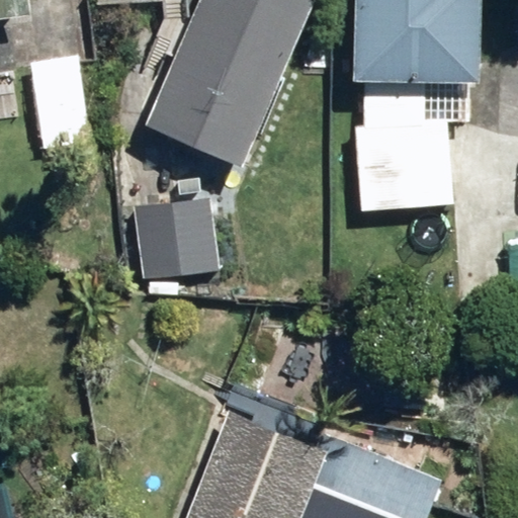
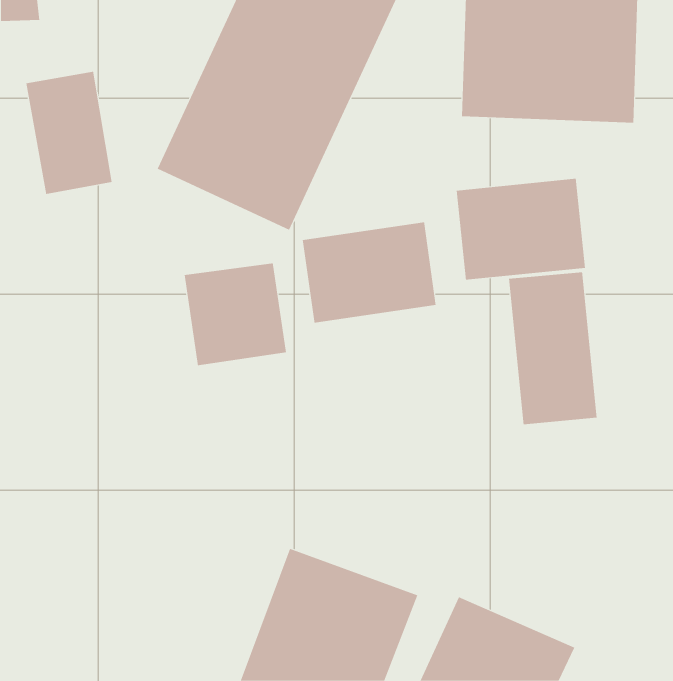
building: none -> [302,221,436,323]
building: none -> [508,271,597,425]

